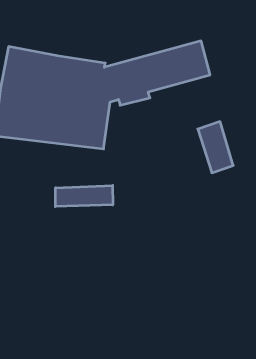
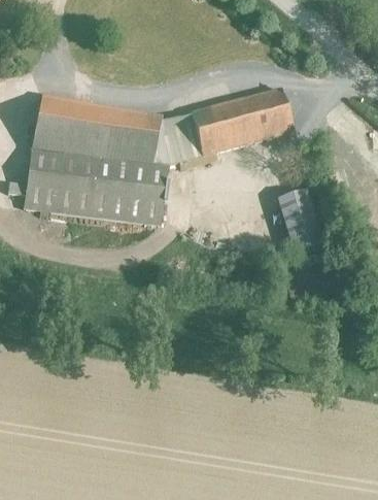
building: [55,185,113,207] -> none

